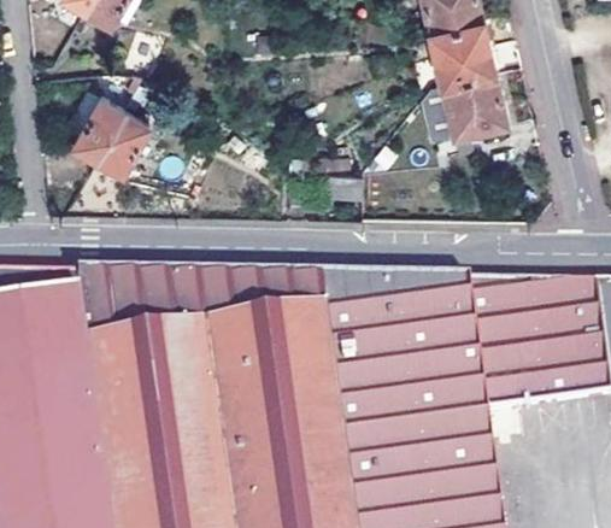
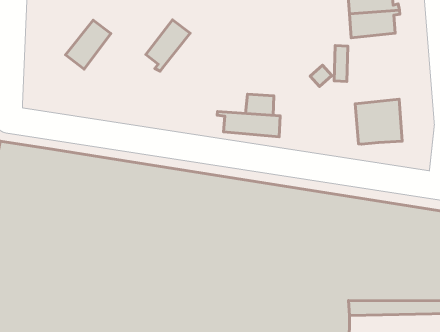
building: [442,74,506,135] -> [355,99,402,144]
building: [74,96,124,162] -> [146,20,190,71]
building: none -> [217,112,280,137]

